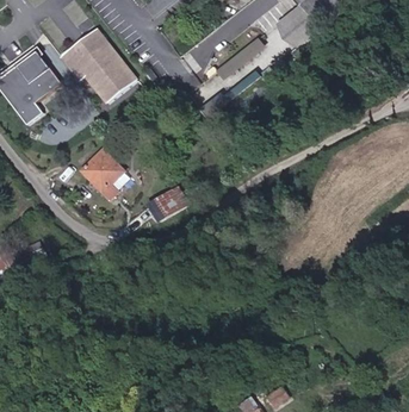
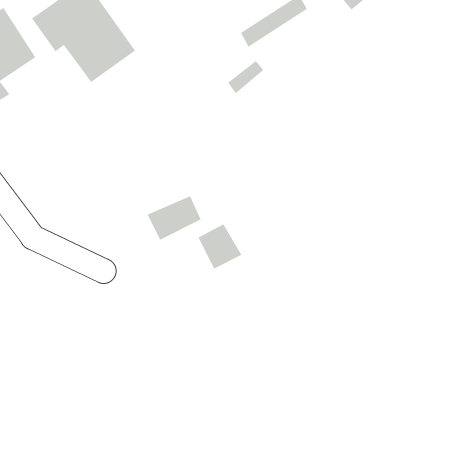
building: [80,149,124,198] -> none
building: none -> [198,223,242,269]

